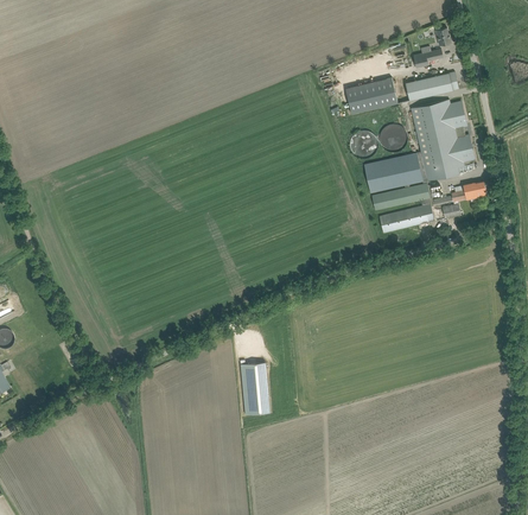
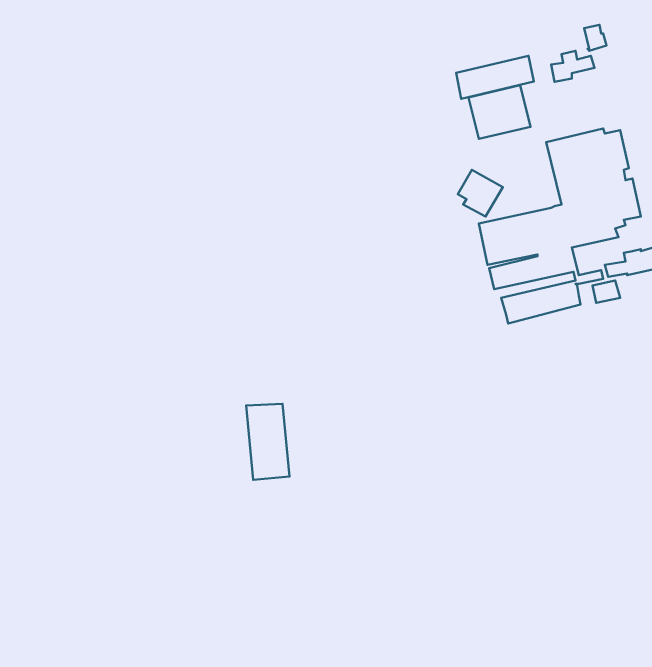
building: [405,70,458,100] -> [456,56,534,99]
building: [378,122,408,152] -> none
building: [240,362,269,414] -> [246,404,289,480]

